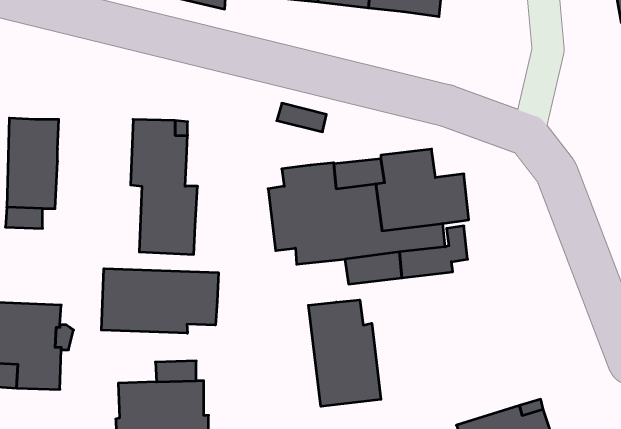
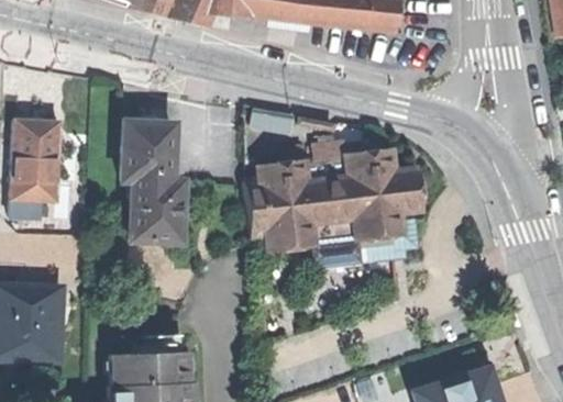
building: [101,269,218,333] -> none
building: [308,300,381,406] -> none

